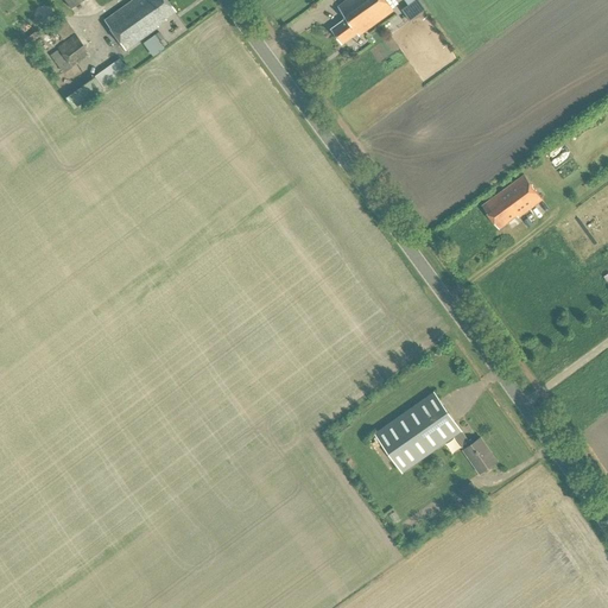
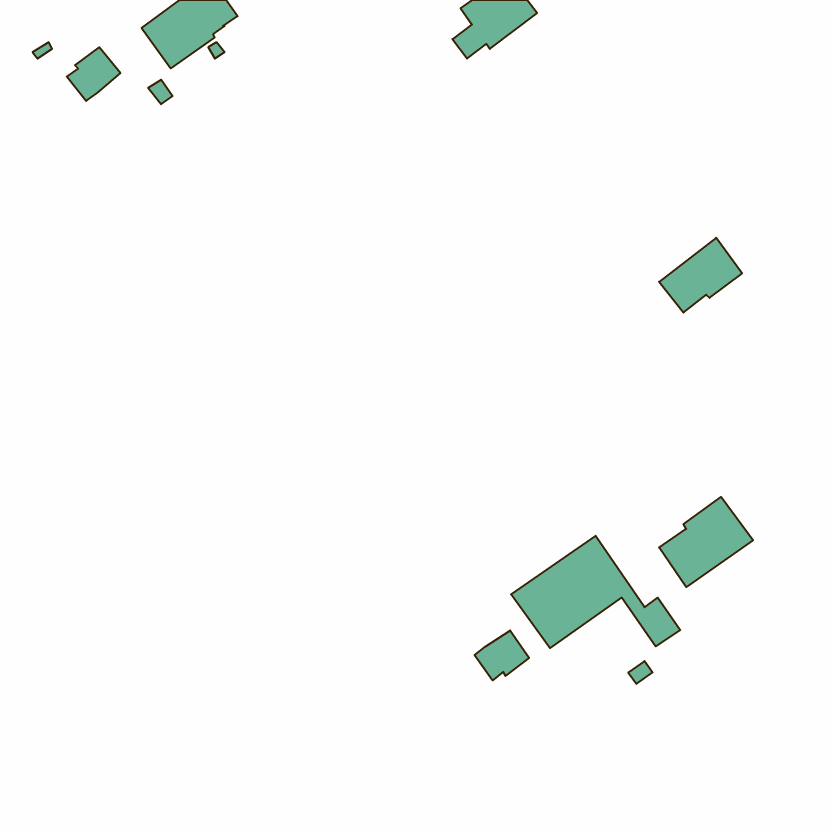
building: none -> [659,497,753,587]
building: none -> [475,630,529,680]

